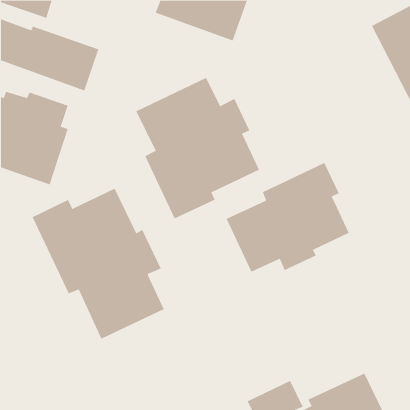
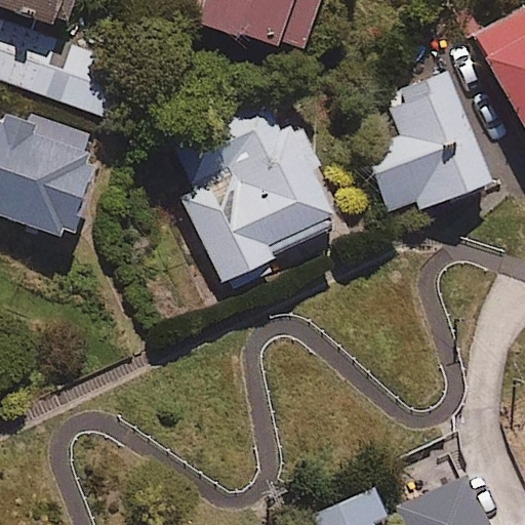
building: none -> [365,72,490,211]
building: [226,162,350,273] -> none
building: [32,188,165,339] -> none

